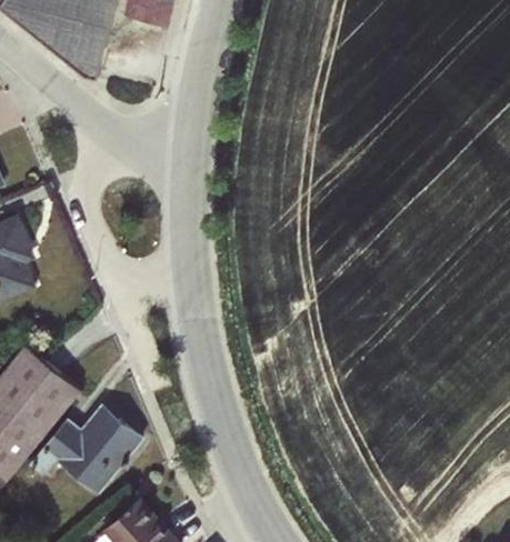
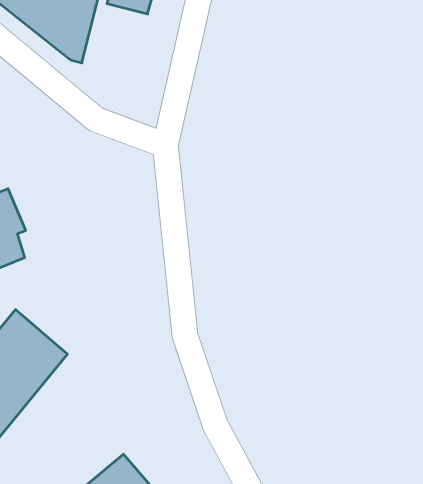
building: [29,401,146,493] -> none

